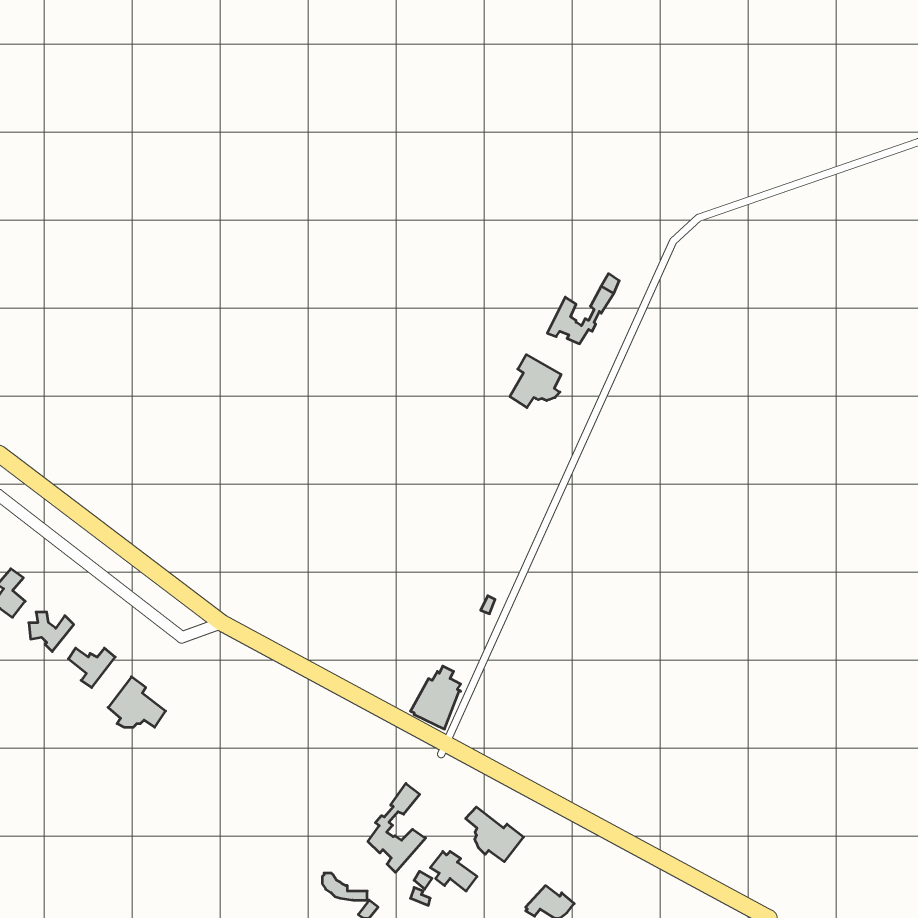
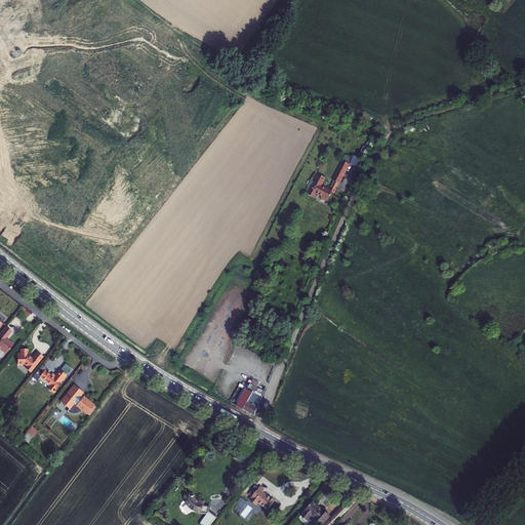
building: [510,355,561,408] -> none
building: [368,783,426,872] -> none
building: [466,807,524,862] -> none

